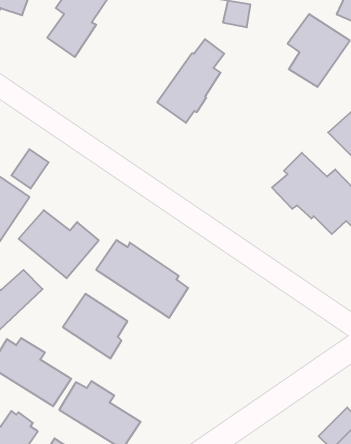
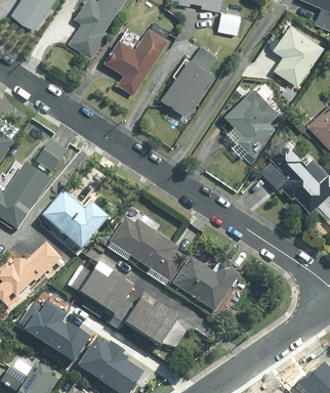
building: none -> [104,25,169,95]
building: none -> [224,87,279,152]
building: none -> [171,257,241,313]
building: none -> [120,293,180,347]

